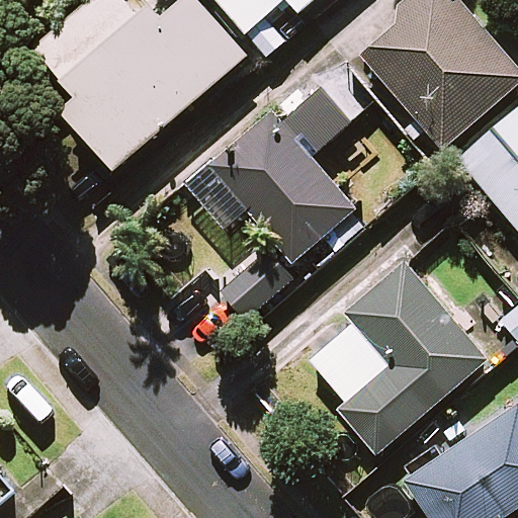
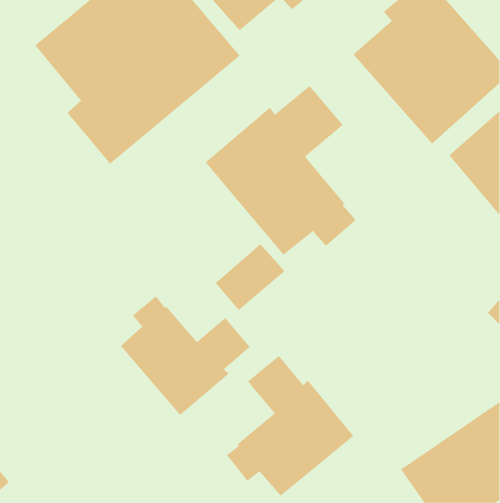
building: [311,263,486,452] -> none
building: none -> [120,296,251,416]
building: none -> [226,355,354,497]

